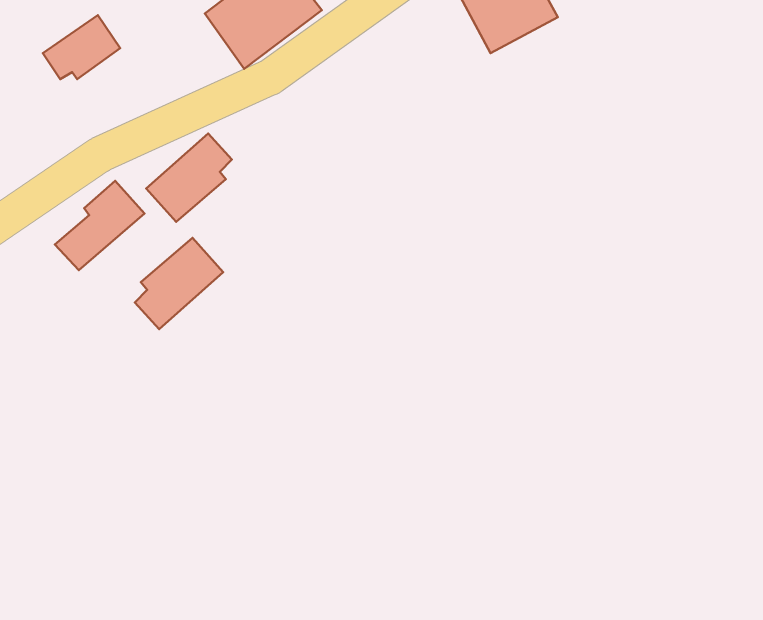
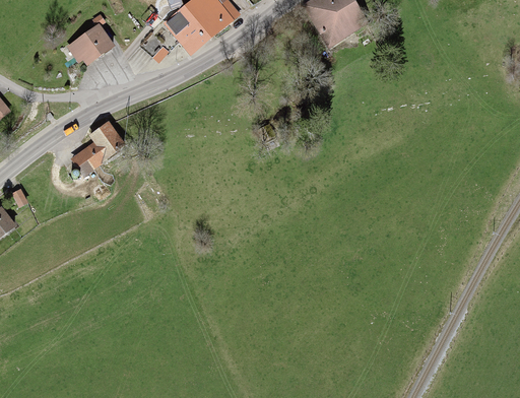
building: [146,134,232,222] -> none
building: [135,238,223,329] -> none

